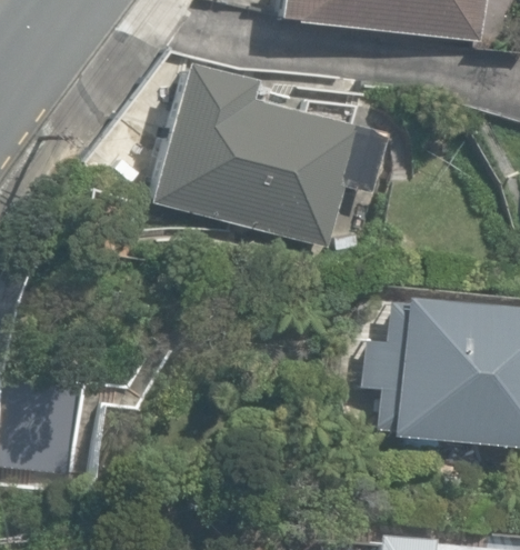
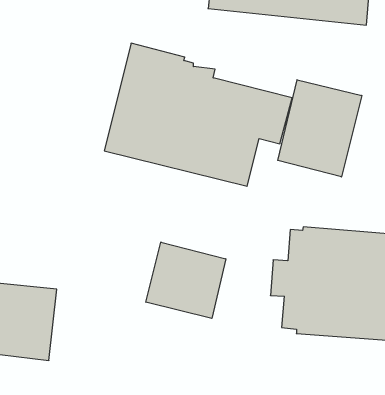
building: none -> [278,80,362,177]
building: none -> [146,242,226,318]

